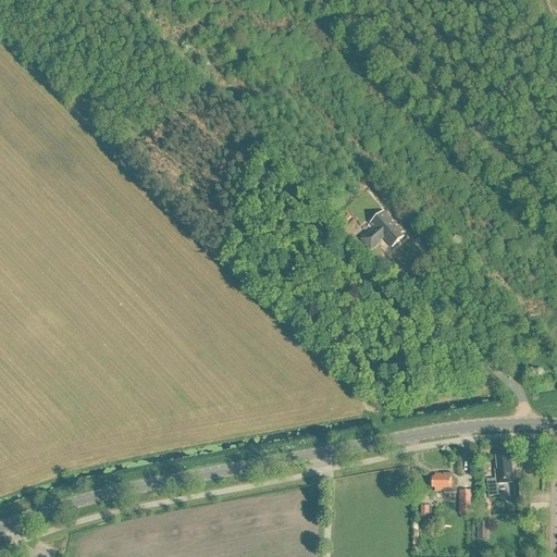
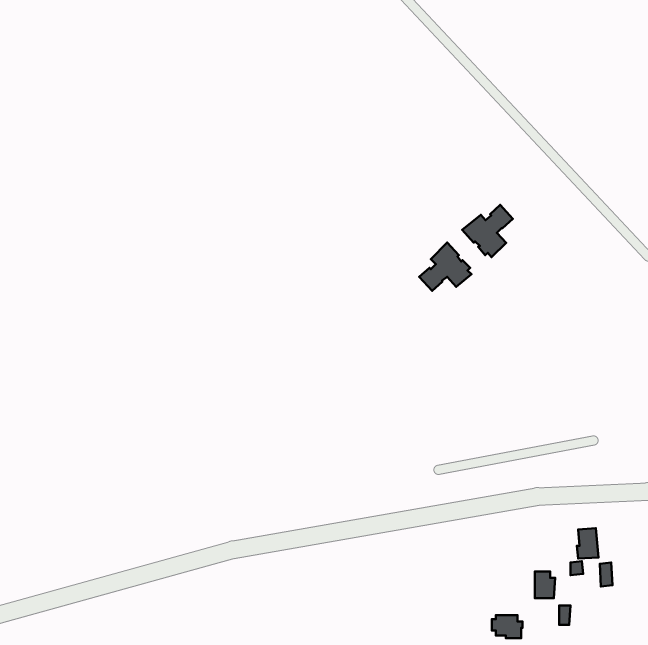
building: none -> [462,205,513,257]
building: [431,472,457,492] -> [492,615,522,638]

